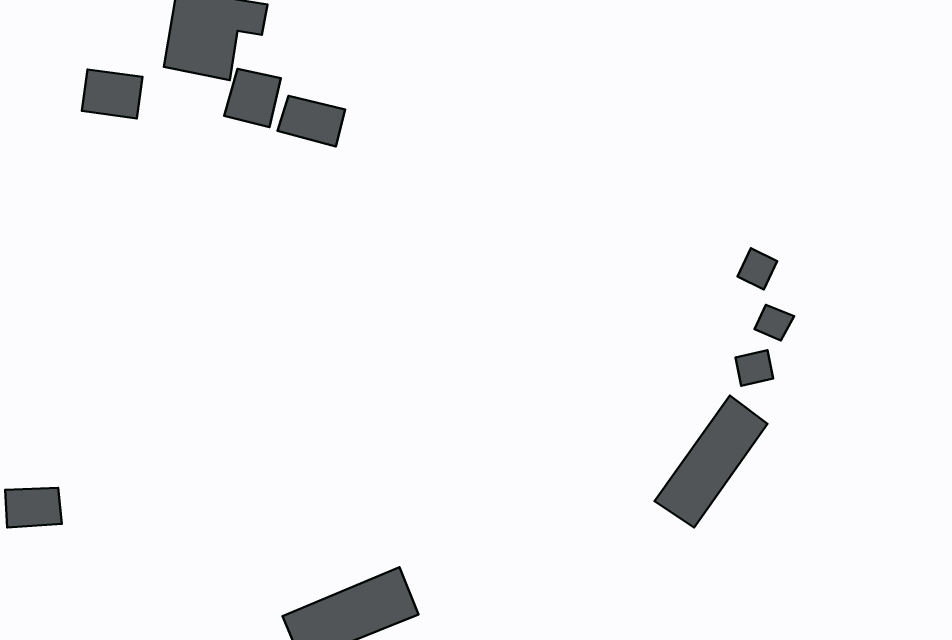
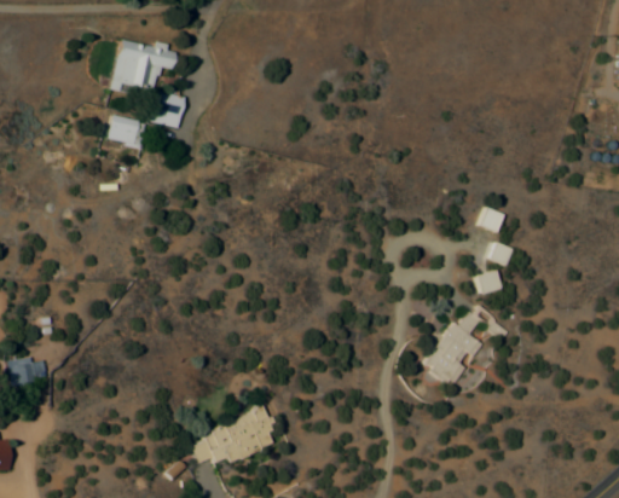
building: [82,69,142,118] -> [108,114,146,145]
building: [278,96,345,146] -> none

